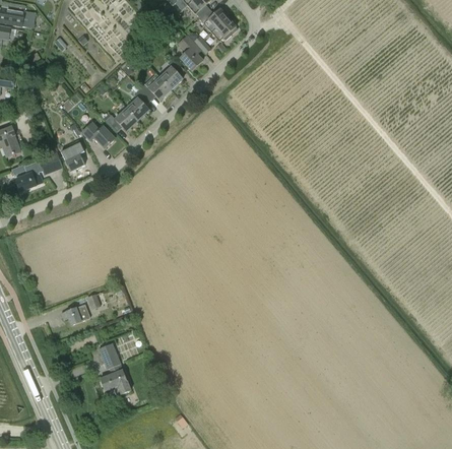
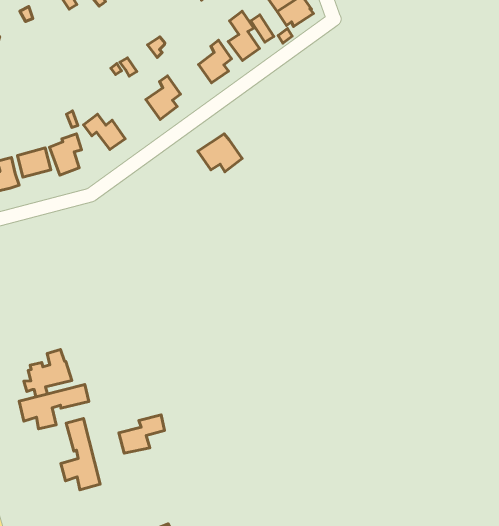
building: [138,73,171,101] -> [198,134,242,172]
building: [105,108,137,131] -> none
building: none -> [19,385,89,429]
building: none -> [119,415,164,453]

